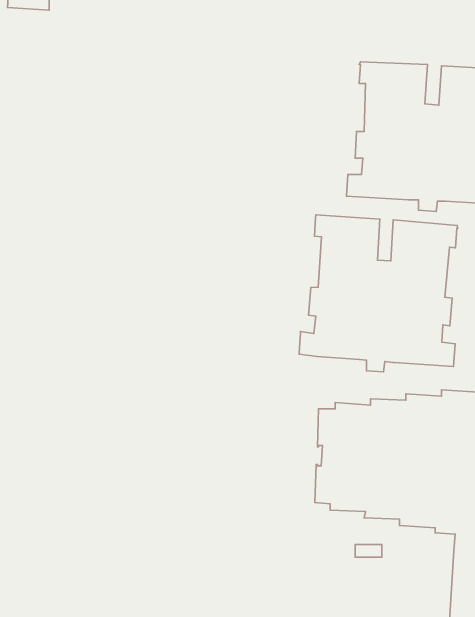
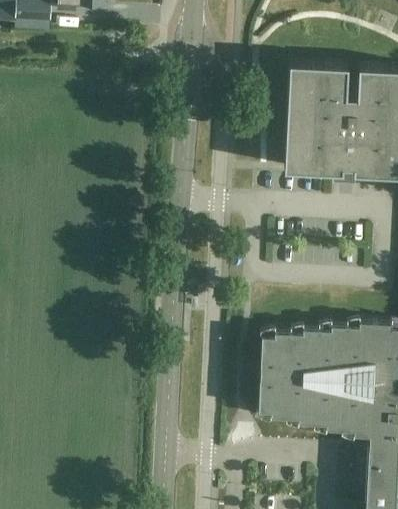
building: [299,215,458,372] -> none

